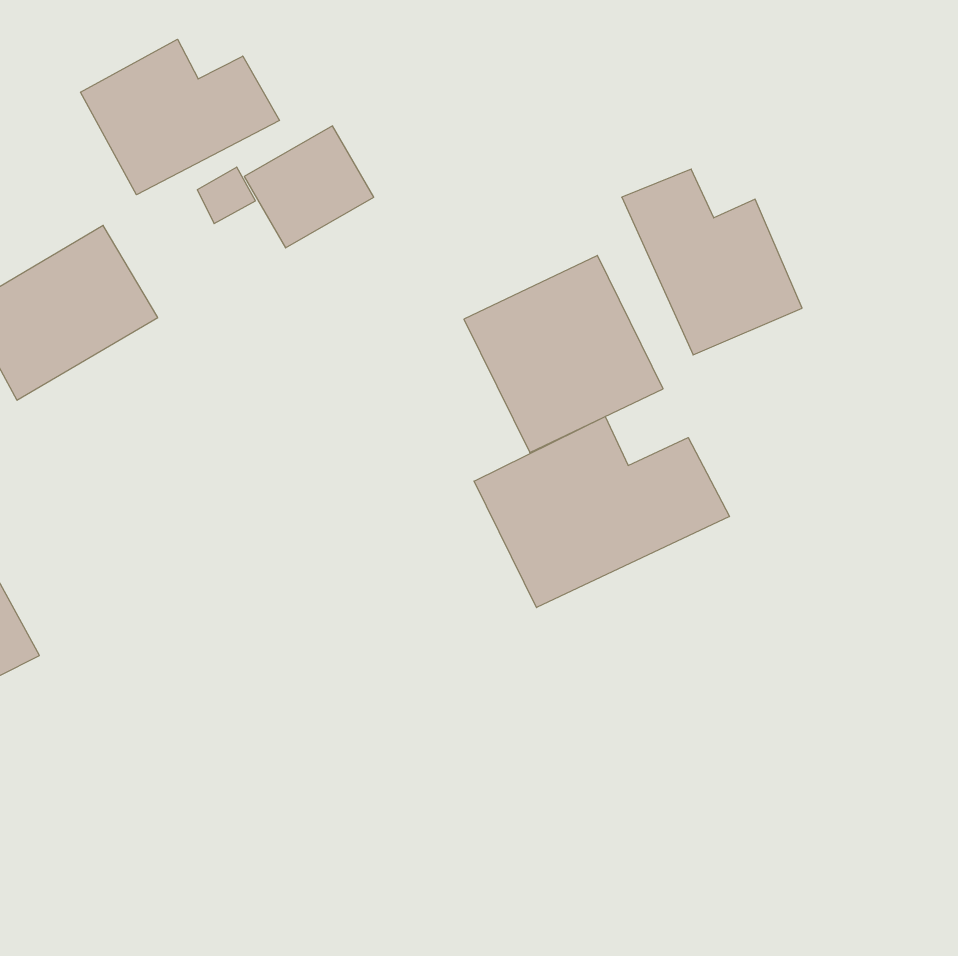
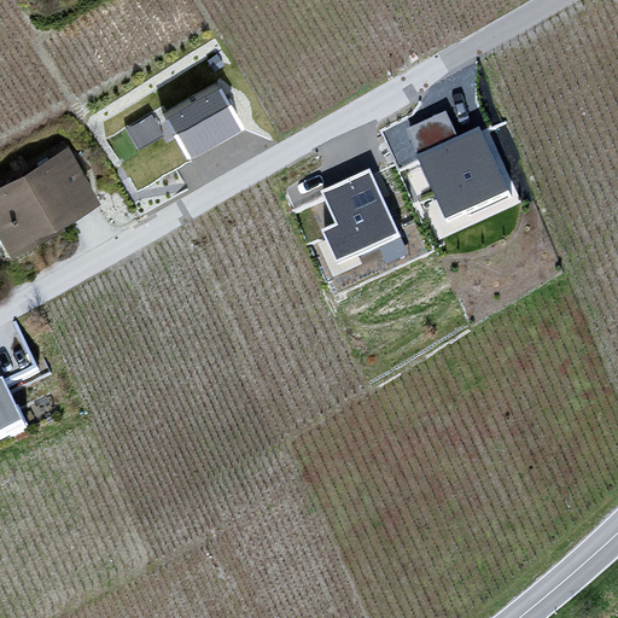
building: [81,39,279,195] -> none
building: [474,416,729,608] -> none

